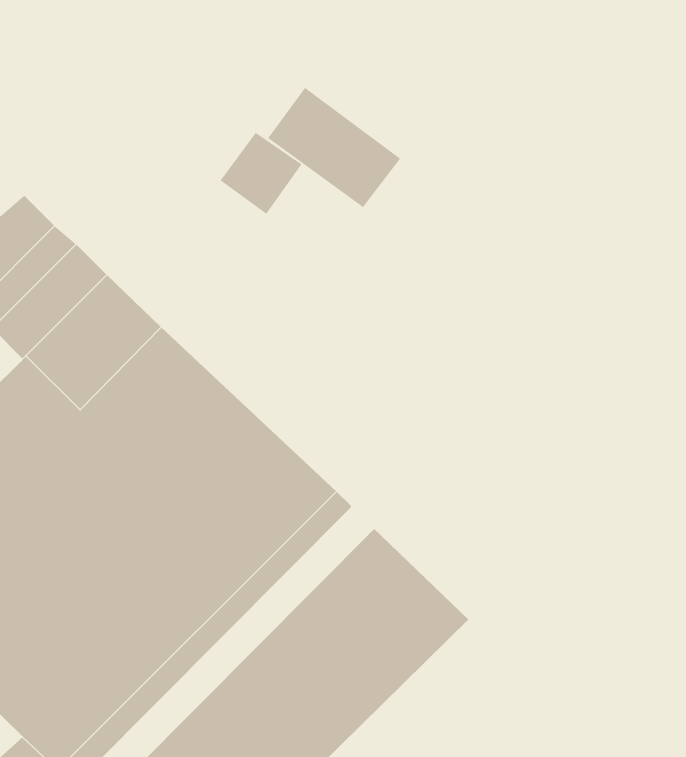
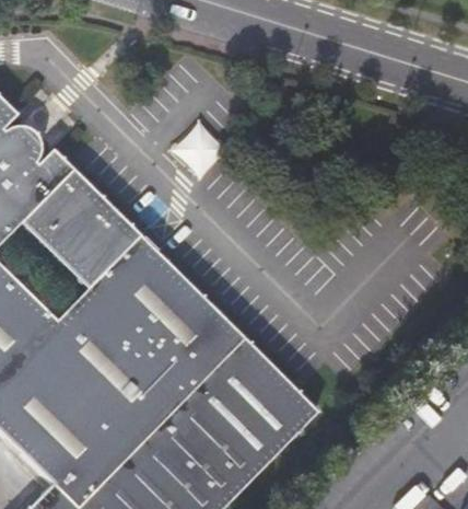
building: [267,87,401,208] -> none

